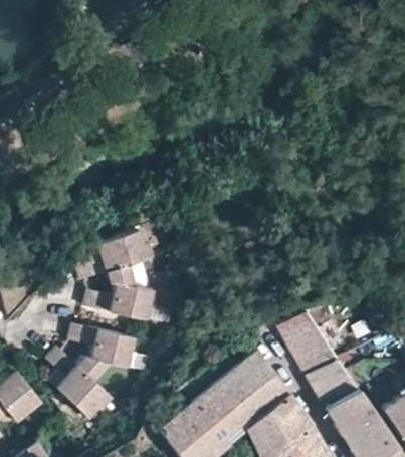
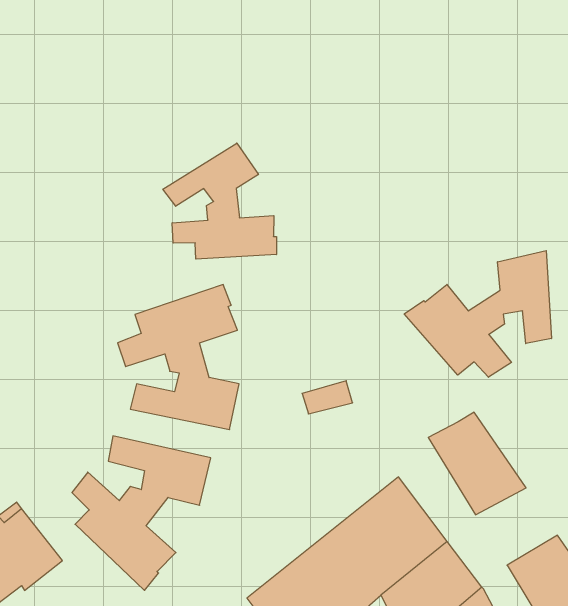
building: none -> [163,143,276,259]
building: none -> [404,251,551,377]
building: [306,358,358,407] -> none

